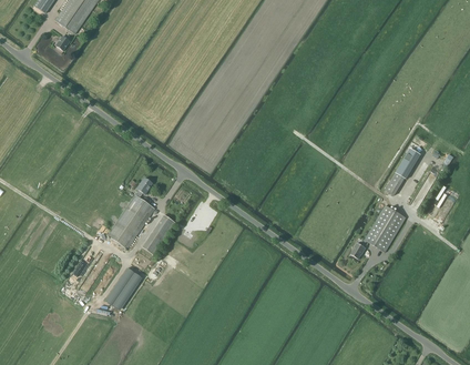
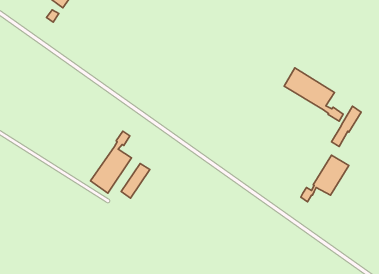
building: none -> [284,68,343,121]
building: [106,267,141,308] -> none

